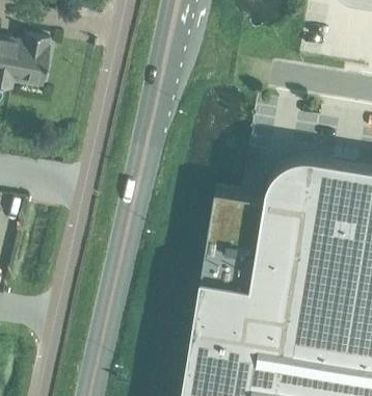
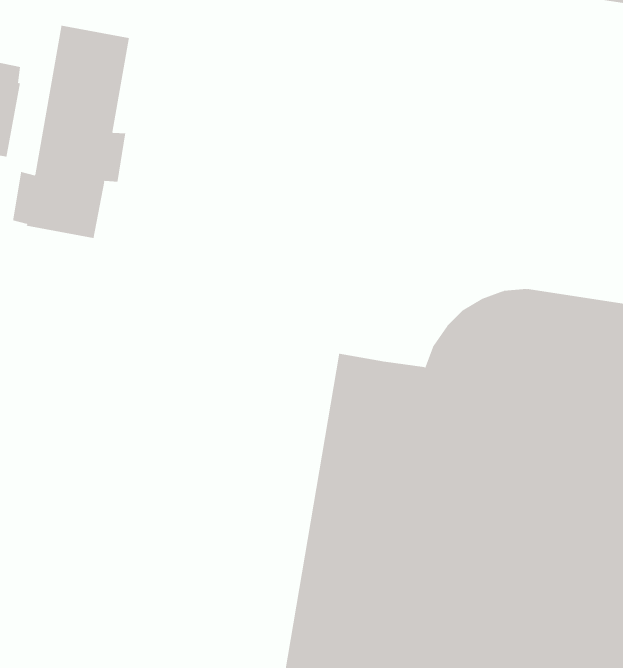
building: none -> [13,25,129,239]

